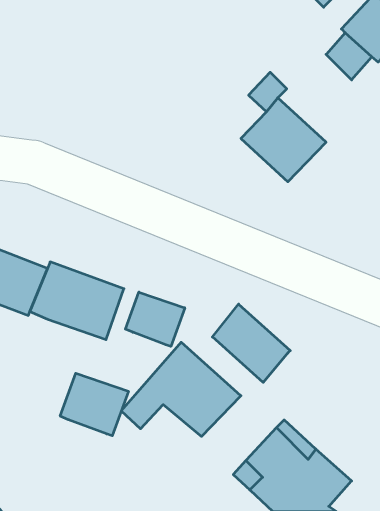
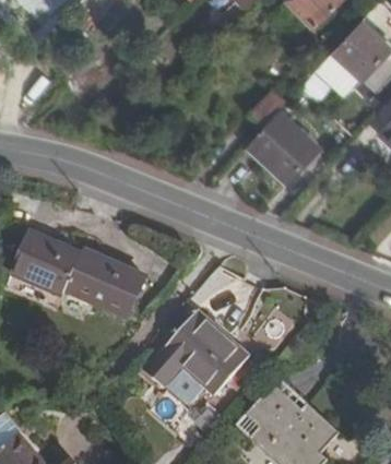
building: [125,292,185,346] -> none
building: [212,304,290,382] -> none
building: [60,373,128,436] -> none

